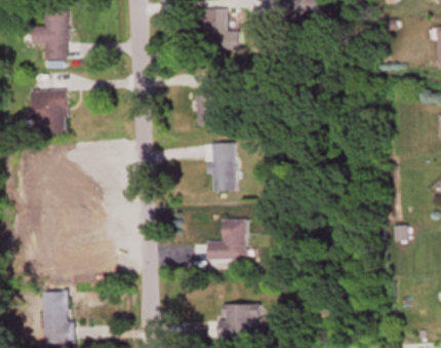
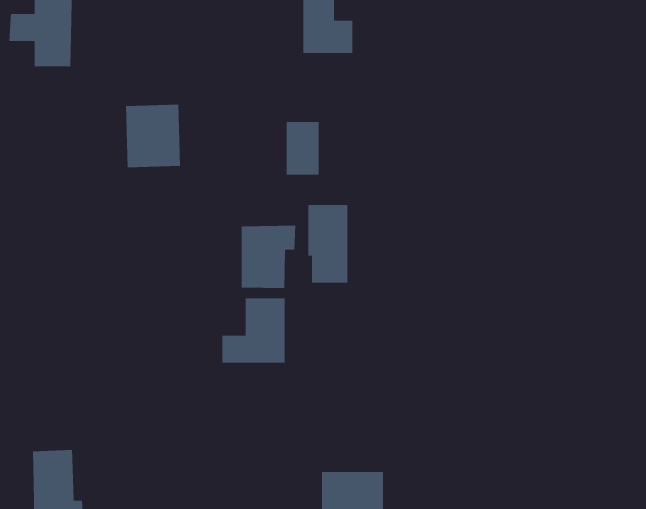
building: [32,89,66,128] -> [125,104,181,168]
building: none -> [241,225,296,289]
building: [207,220,246,260] -> [221,298,286,364]

